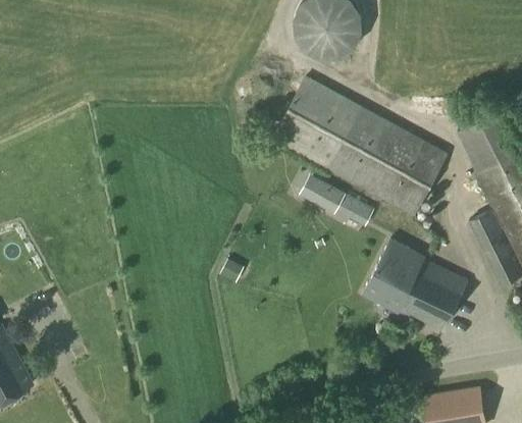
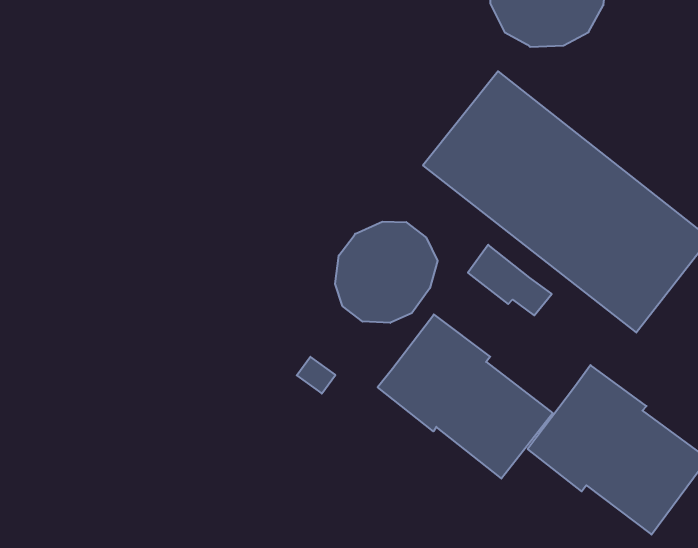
building: none -> [335,222,438,323]
building: none -> [378,314,553,479]

